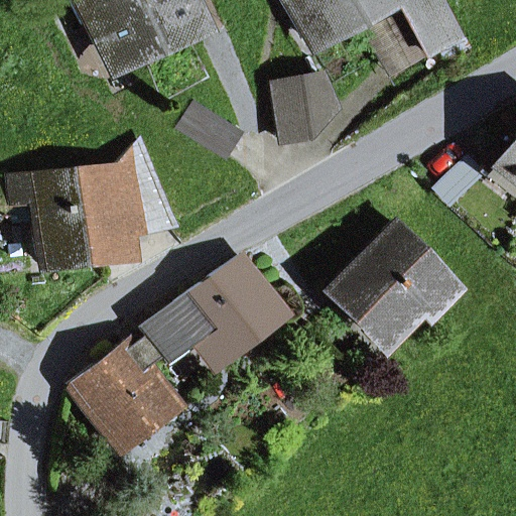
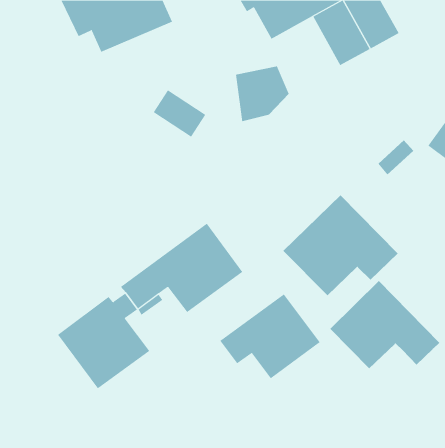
building: [10,141,173,264] -> none
building: none -> [329,280,440,369]
building: none -> [219,293,320,379]

